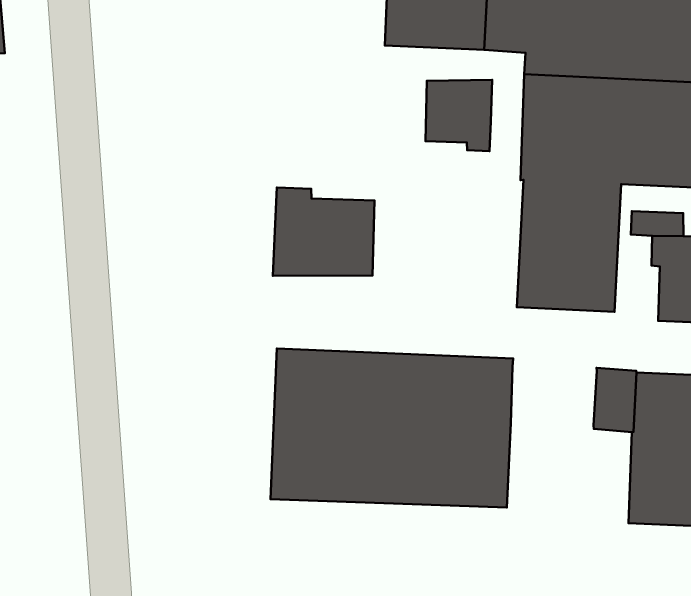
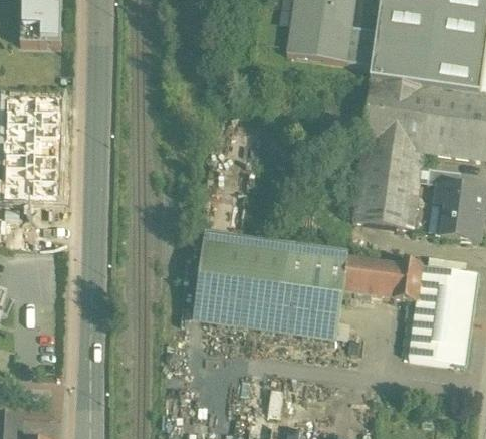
building: [425,80,492,151] -> none
building: [273,187,374,276] -> none
building: none -> [343,255,399,295]

